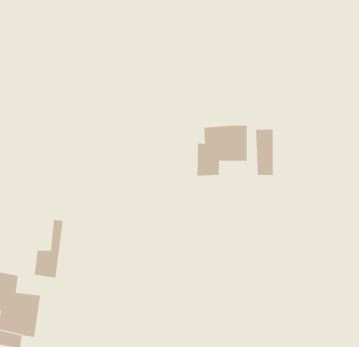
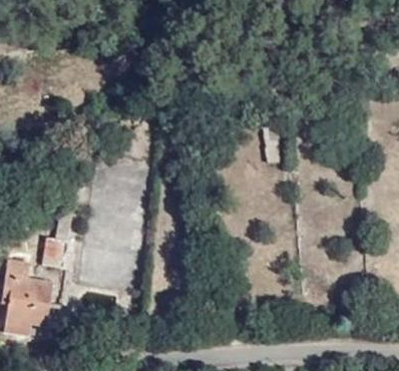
building: [197,125,247,177] -> none

